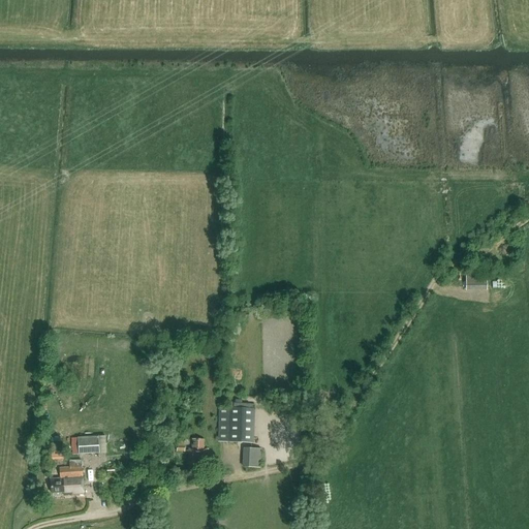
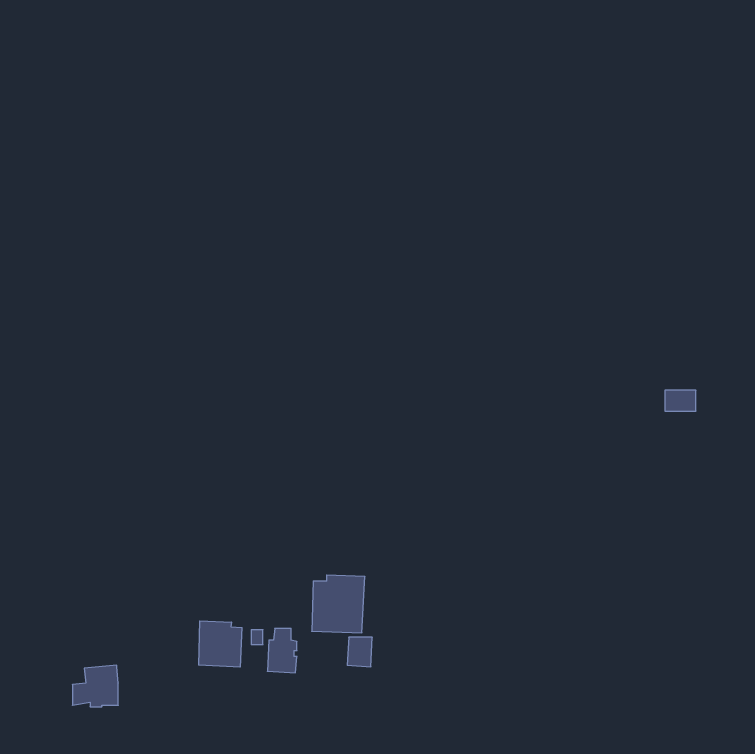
building: none -> [199,621,242,667]
building: [72,436,98,454] -> none

